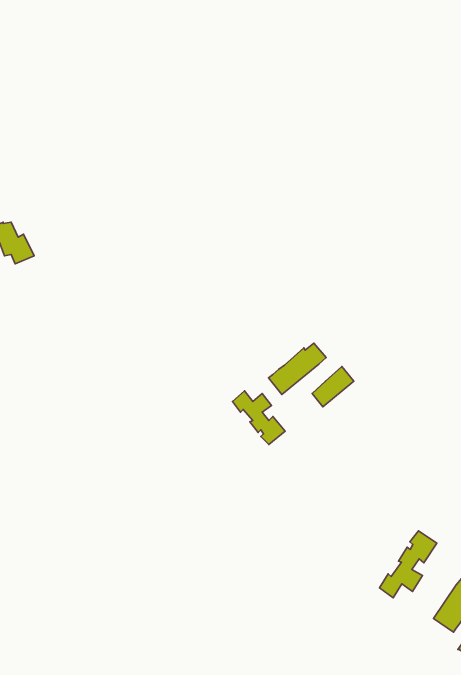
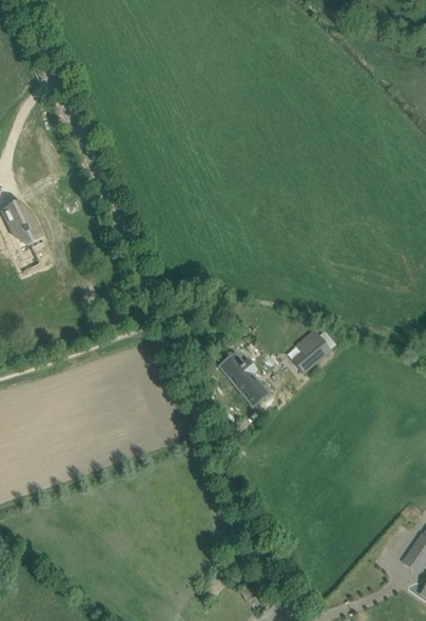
building: [269,343,326,395] -> none
building: [379,531,437,598] -> none

